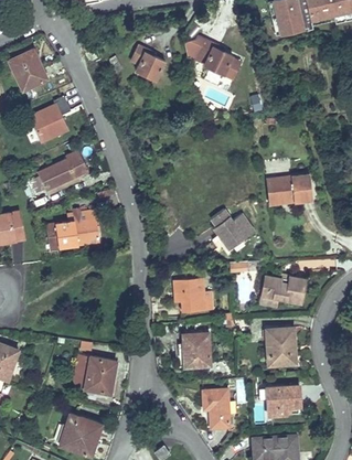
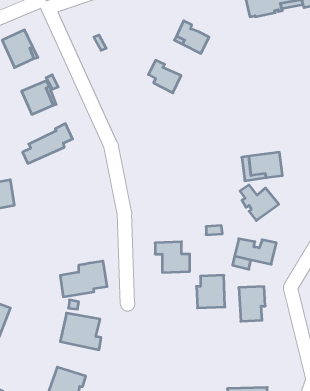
building: [129,45,164,81] -> [148,60,181,93]
building: [211,210,253,248] -> [240,185,279,221]
building: [47,212,98,250] -> [60,261,107,297]
building: [178,331,209,366] -> [196,275,225,308]
building: [265,384,298,414] -> none
building: [202,389,227,426] -> none

